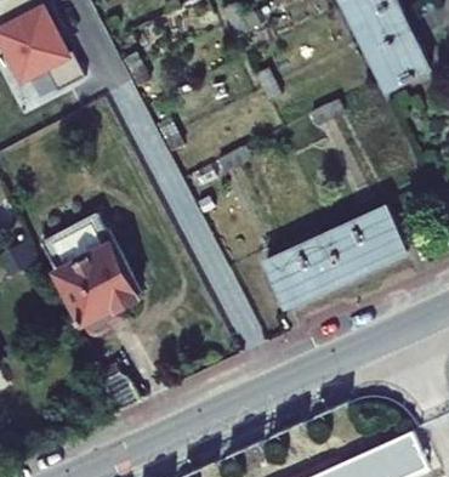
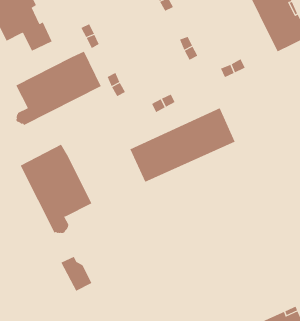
building: none -> [15,51,101,126]
building: [263,205,405,306] -> [129,107,236,183]

